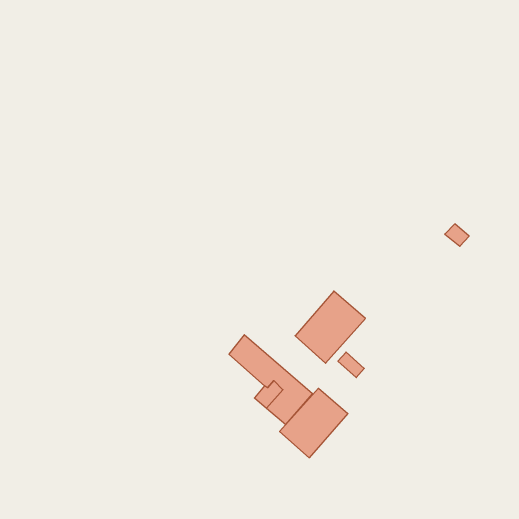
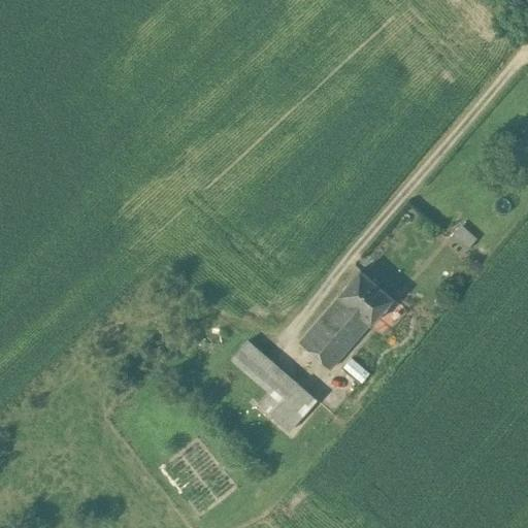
building: none -> [339,270,393,324]
building: [280,388,348,458] -> none

